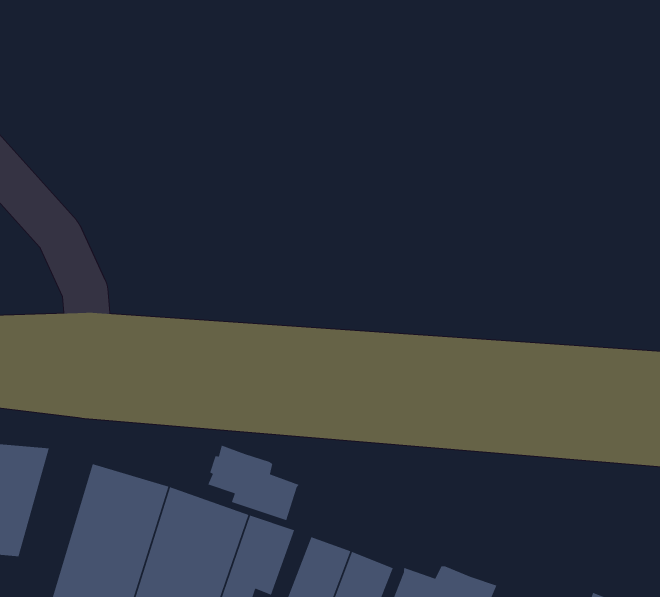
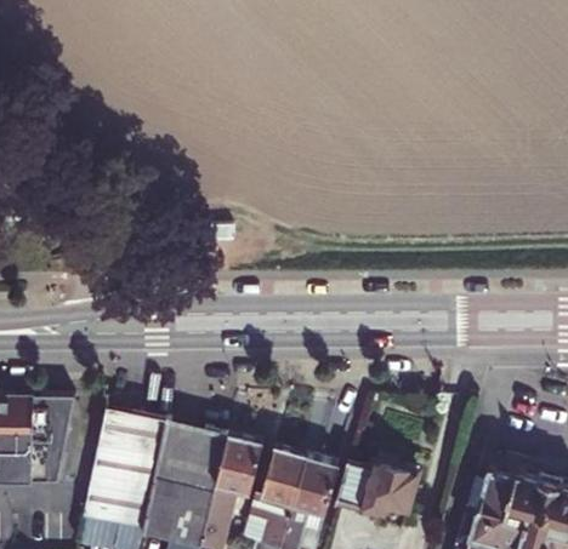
building: [207,444,300,521] -> none

